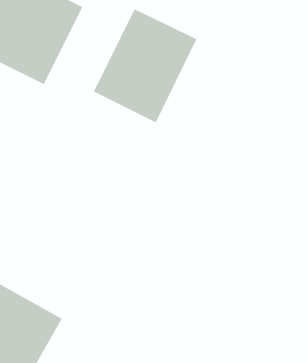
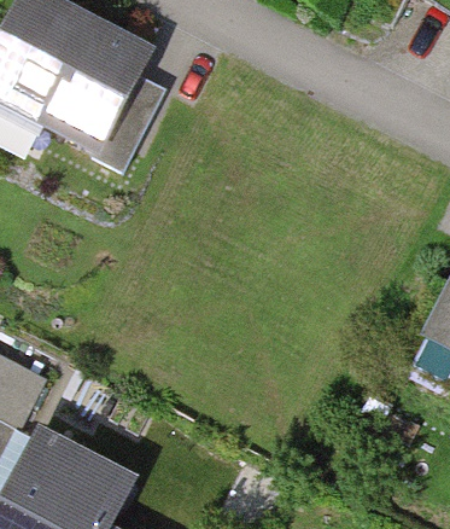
building: [93,8,197,123] -> none

